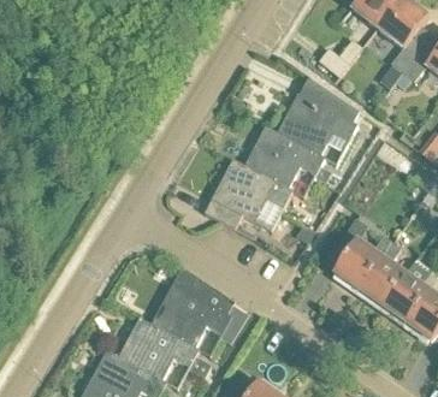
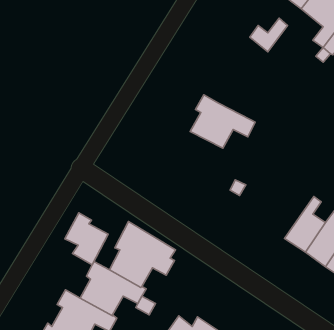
building: [283,77,359,155] -> none
building: [205,159,292,231] -> none
building: [335,218,392,291] -> none
building: none -> [65,213,108,265]

